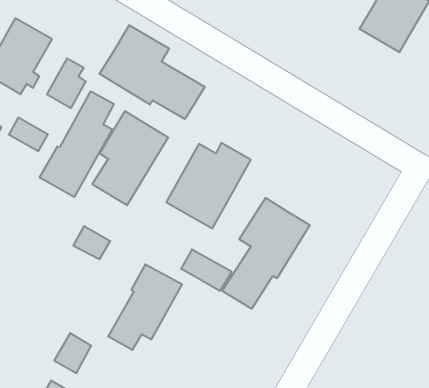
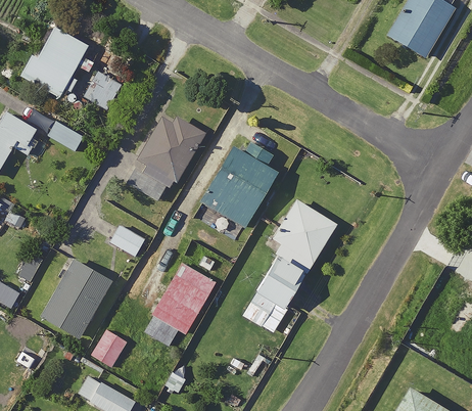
building: [99,25,205,119] -> none
building: [40,91,114,197] -> none
building: [181,249,232,291] -> [245,294,294,334]
building: none -> [44,260,112,337]

